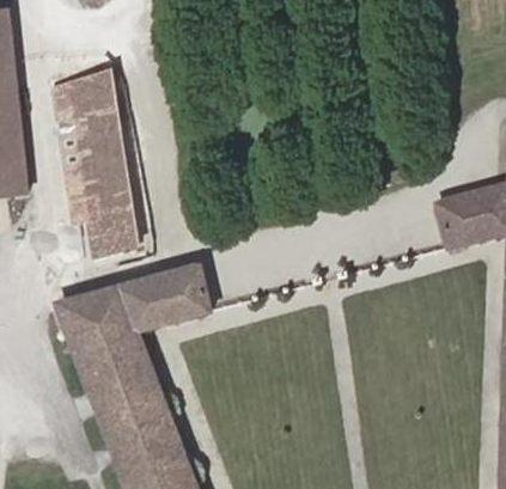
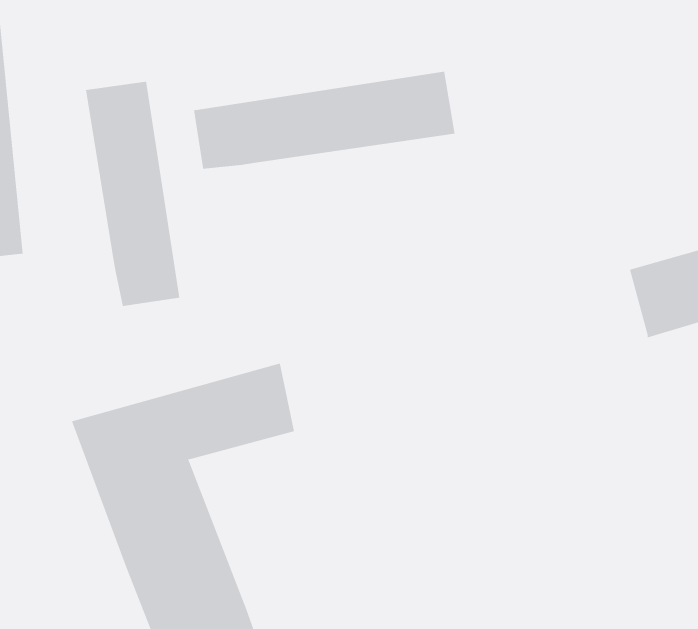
building: none -> [193,71,455,170]
building: [92,221,136,253] -> none

